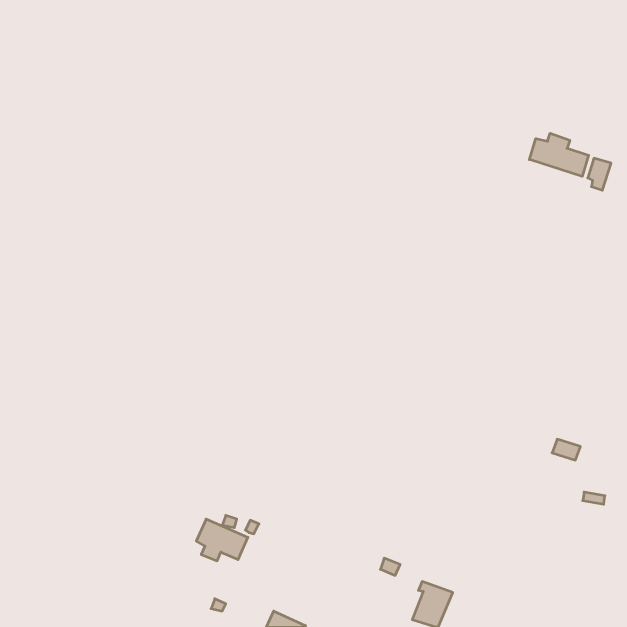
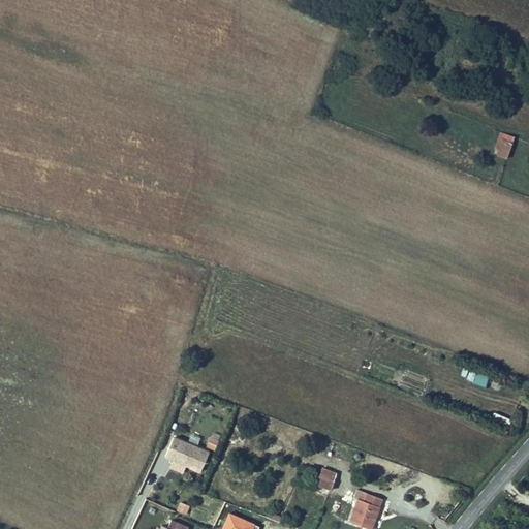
building: [529,133,589,176] -> none

